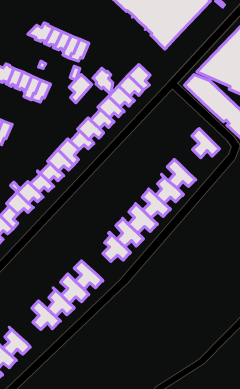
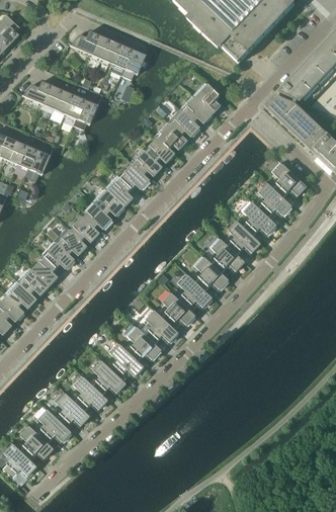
building: [93,68,113,94] -> none
building: [69,74,92,103] -> none
building: none -> [258,180,292,217]
building: none -> [145,308,179,343]
building: none -> [56,391,91,426]

